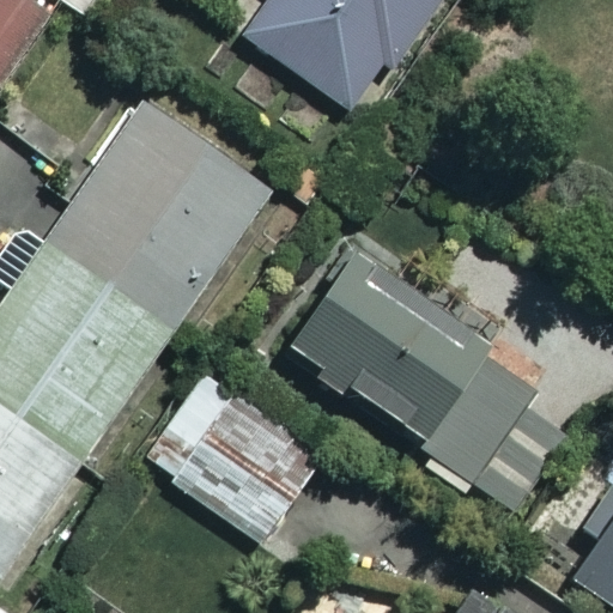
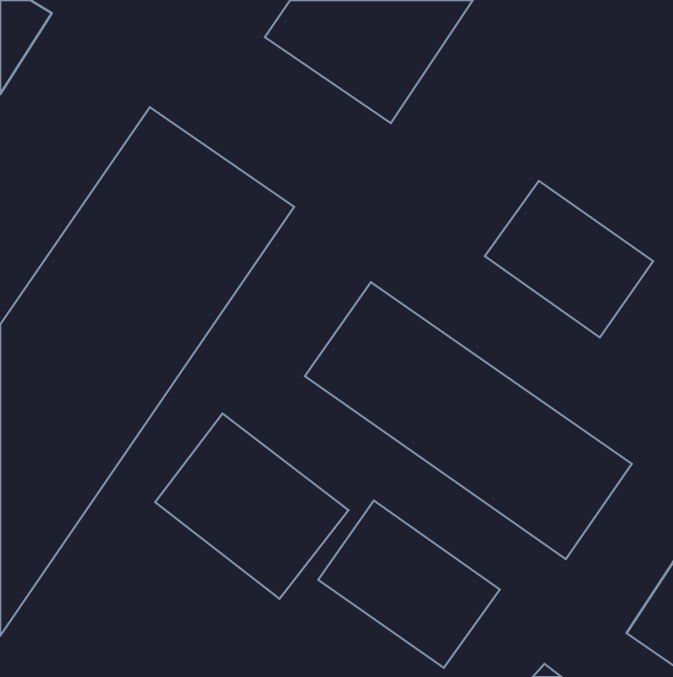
building: none -> [485,181,653,338]
building: none -> [318,500,500,668]

